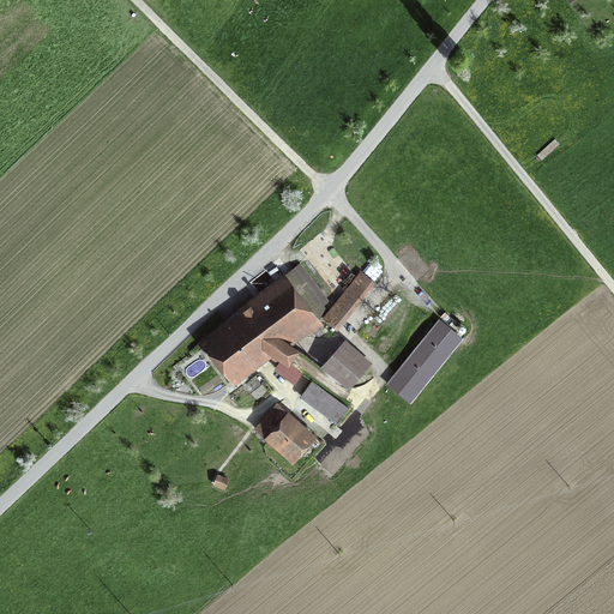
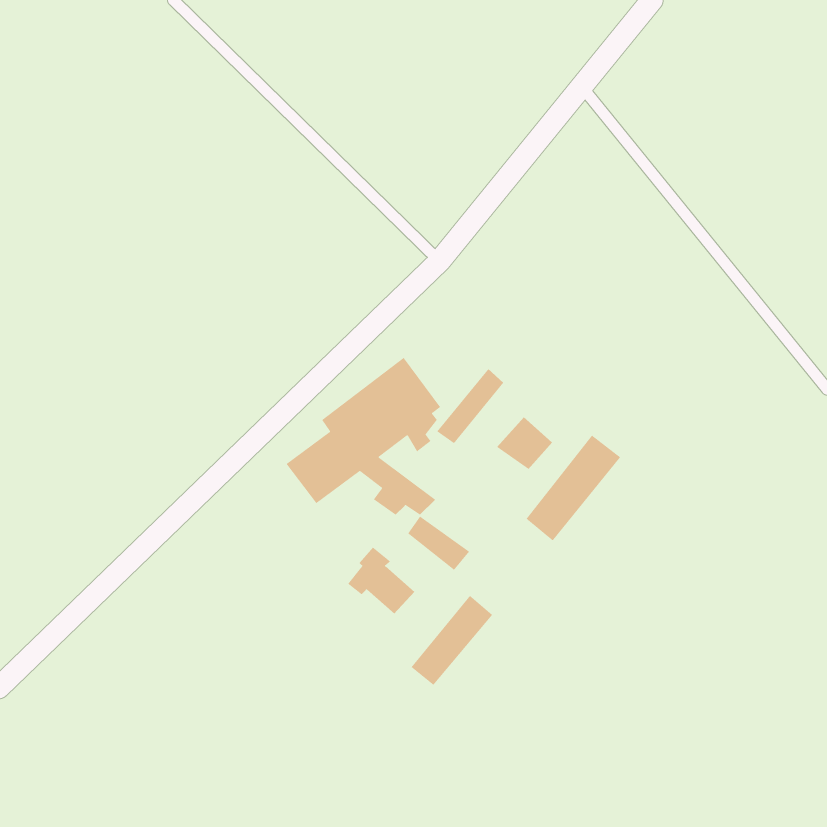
building: [324,345,366,385] -> [496,416,553,470]
building: none -> [410,595,493,686]

